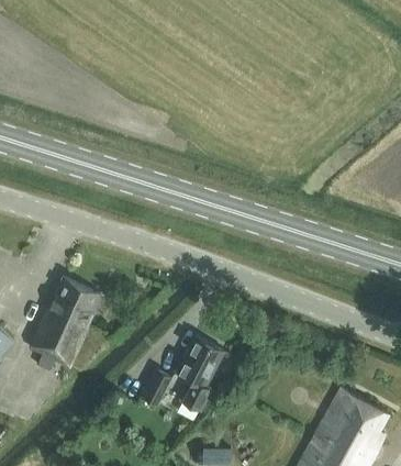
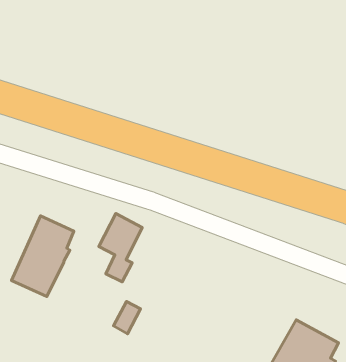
building: [175,337,222,412] -> [99,213,142,282]

